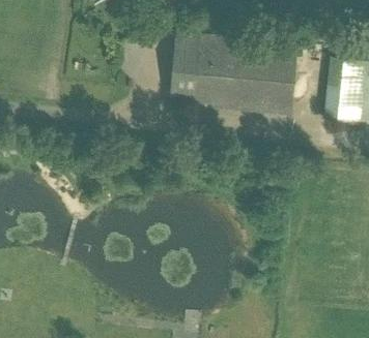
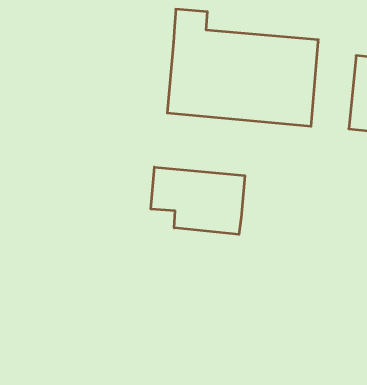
building: none -> [151,167,245,234]

